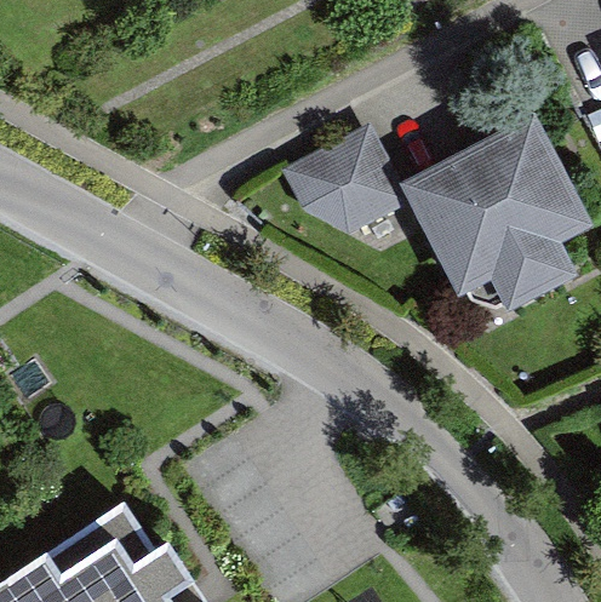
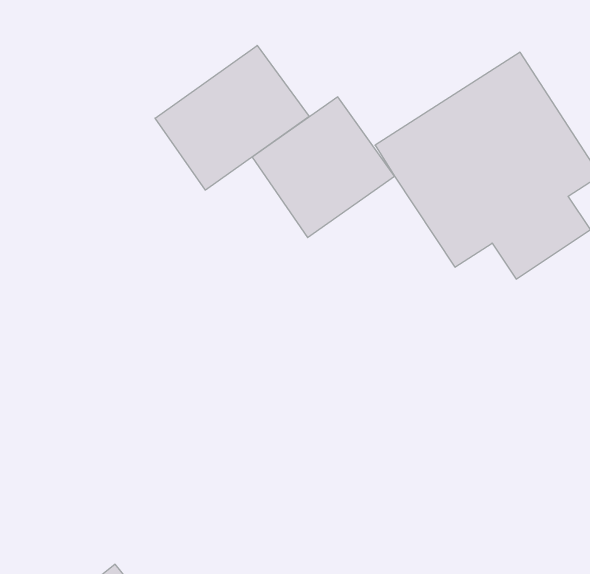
building: none -> [155,45,309,190]

